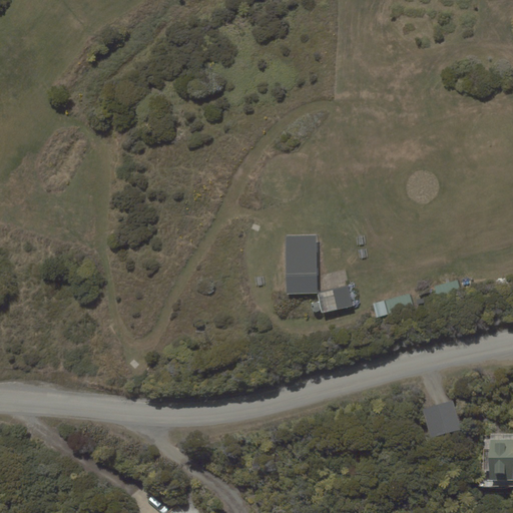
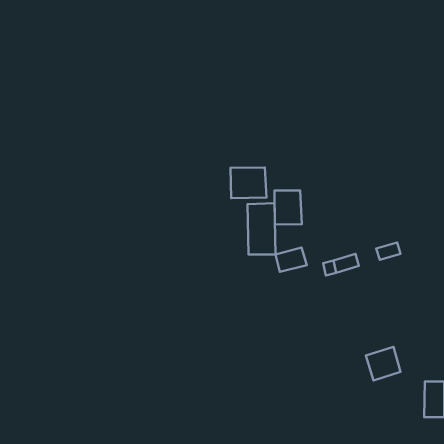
building: none -> [231,168,266,198]
building: none -> [274,191,302,224]

